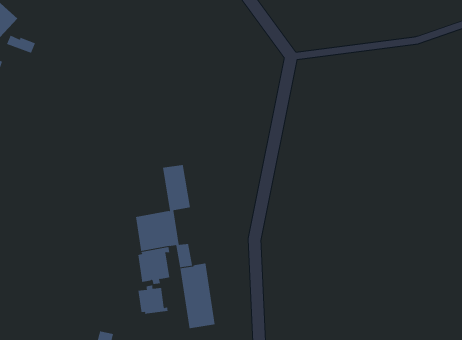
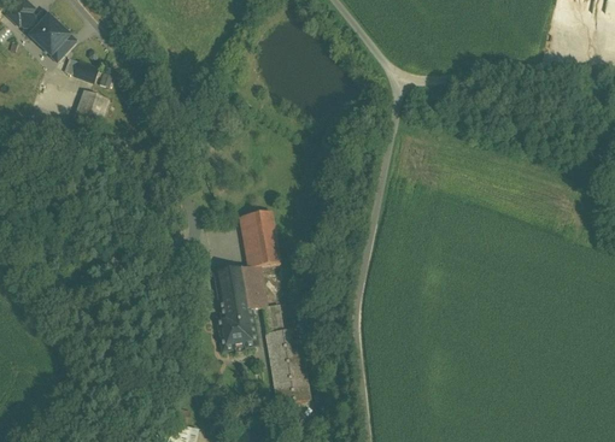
building: none -> [74,90,107,130]
building: [138,285,168,314] -> none

